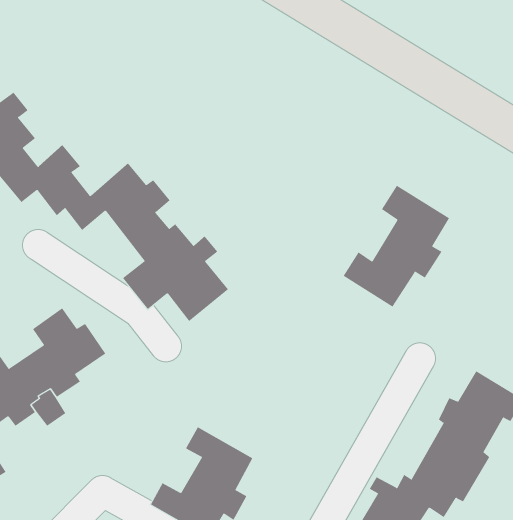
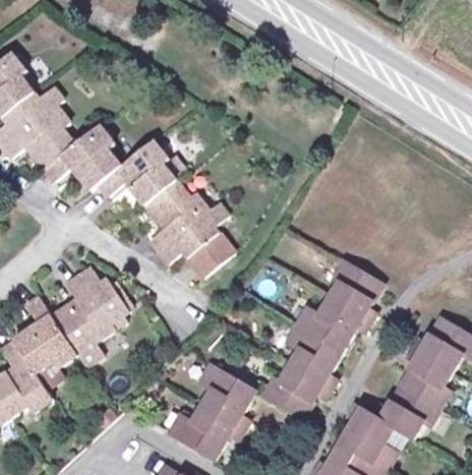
building: [343,185,450,308] -> none
building: none -> [263,260,382,420]

